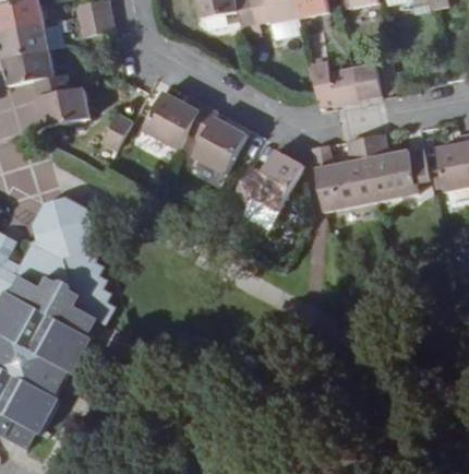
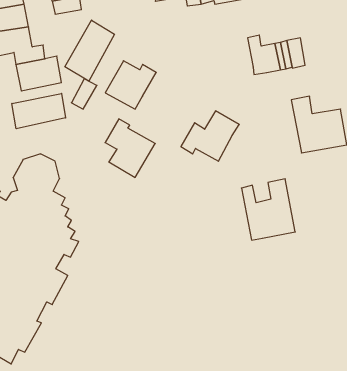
building: none -> [65,20,114,81]
building: [187,104,246,174] -> [105,119,155,177]
building: none -> [12,93,66,129]
building: [312,137,376,210] -> [241,179,295,240]

